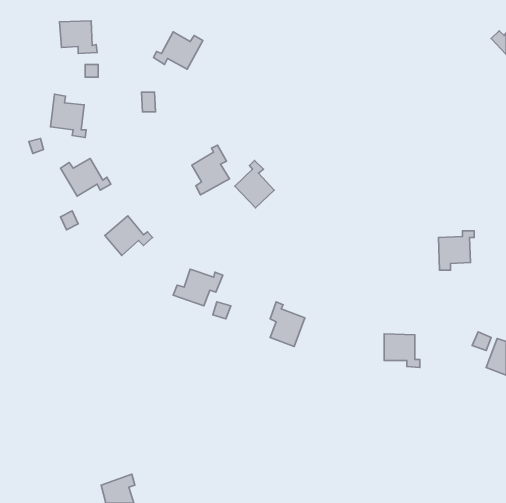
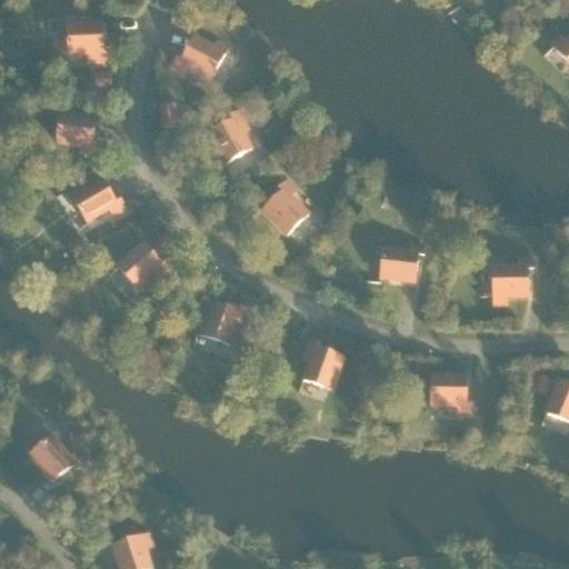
building: [192,145,229,195] -> [209,110,251,166]
building: none -> [380,244,425,281]
building: none -> [23,436,83,481]

